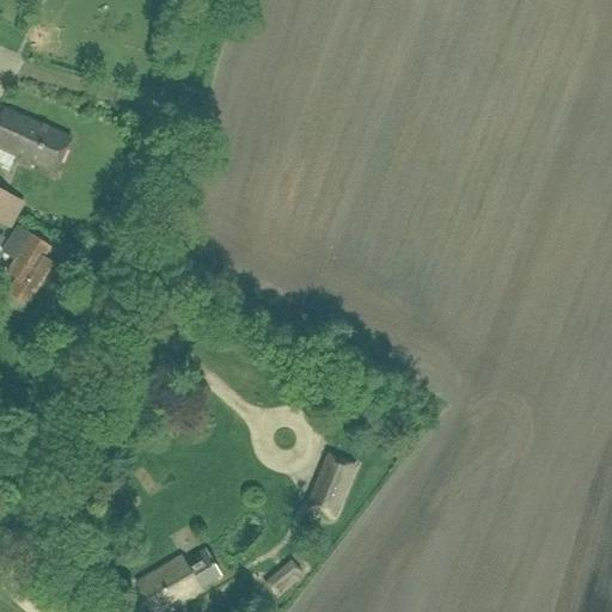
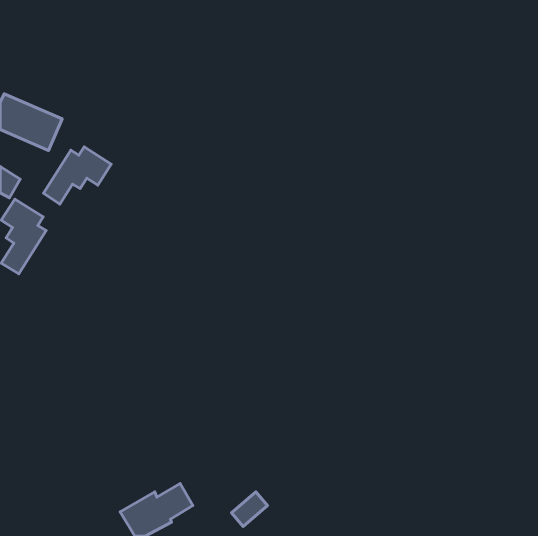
building: none -> [44,147,111,204]
building: [306,453,354,516] -> none

